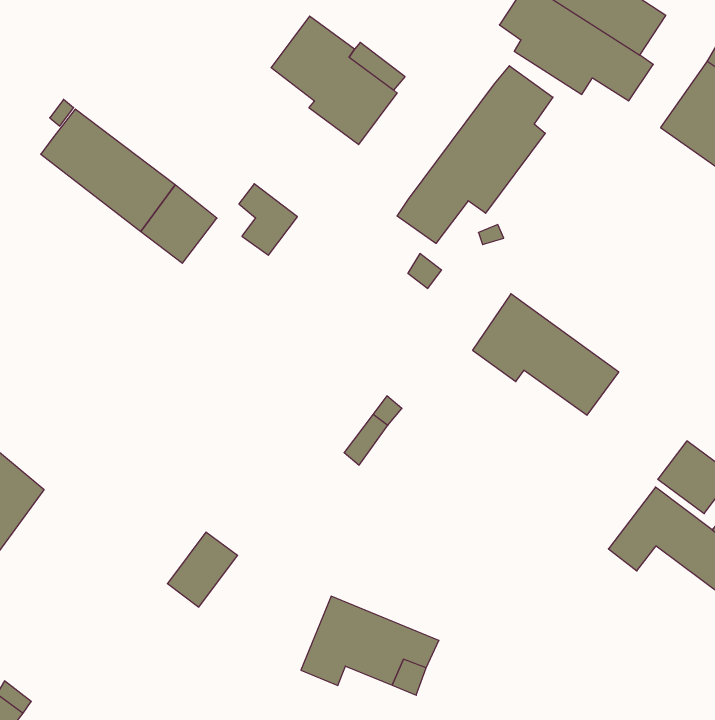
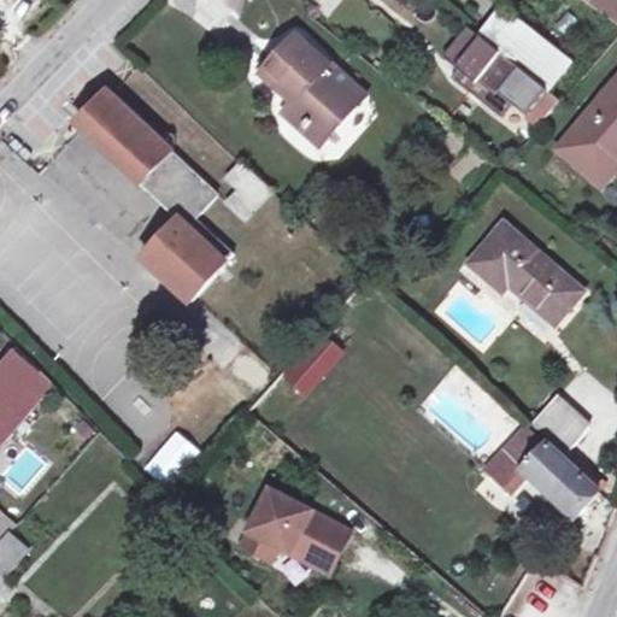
building: [397,66,553,243] -> none
building: none -> [140,186,231,301]
building: [473,294,619,415] -> [468,222,580,322]

